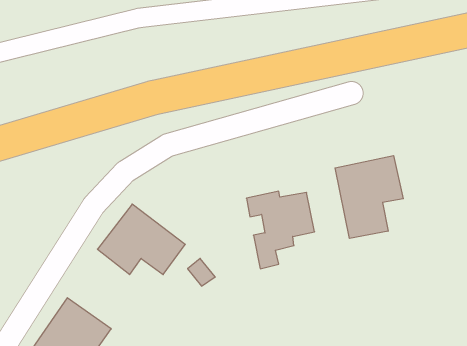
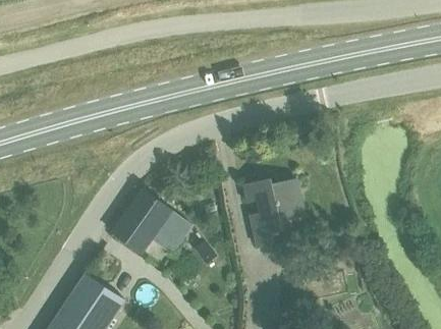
building: [335,156,403,238] -> none

